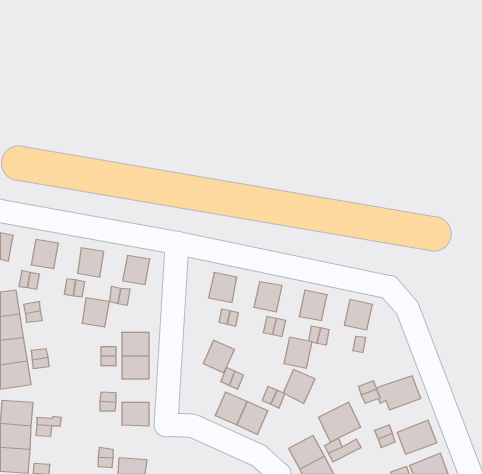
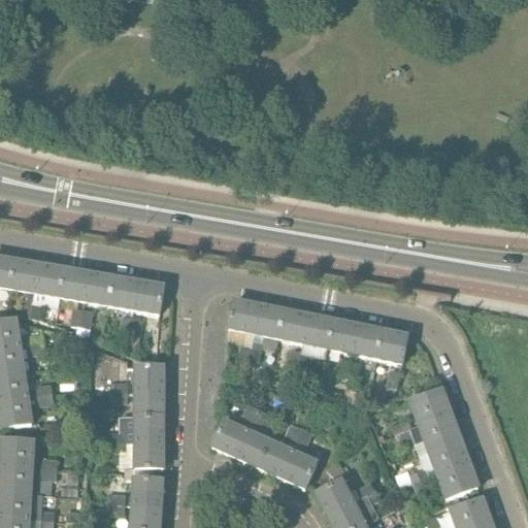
building: none -> [9,258,39,290]
building: none -> [59,266,89,299]
building: none -> [254,303,284,336]
building: none -> [352,323,383,356]
building: [82,298,109,327] -> [109,275,139,307]
building: [284,337,312,368] -> [302,312,333,346]
building: [203,340,234,373] -> [212,419,246,455]
building: none -> [407,387,451,423]
building: [283,369,315,403] -> [282,450,317,487]
building: none -> [133,415,163,440]
building: none -> [426,436,468,473]
building: [319,402,361,442] -> none
building: none -> [130,476,162,503]

